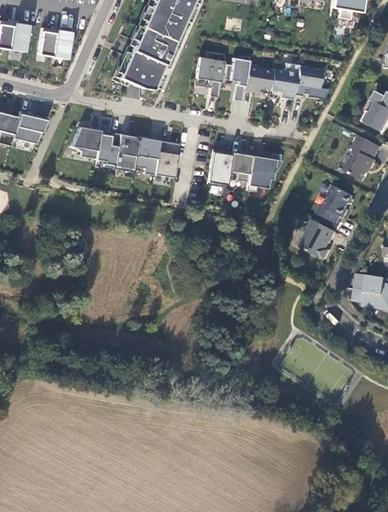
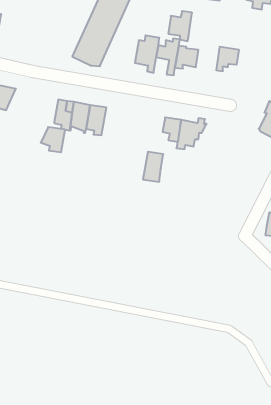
building: [41,31,74,60] -> none
building: [270,63,299,100] -> [168,11,192,41]
building: [71,128,101,159] -> [41,127,65,152]
building: [154,141,179,178] -> none
building: [207,150,232,187] -> [143,152,163,182]
building: [318,183,355,222] -> none
building: [302,218,338,258] -> none

